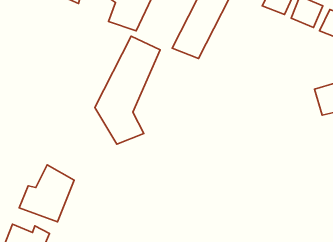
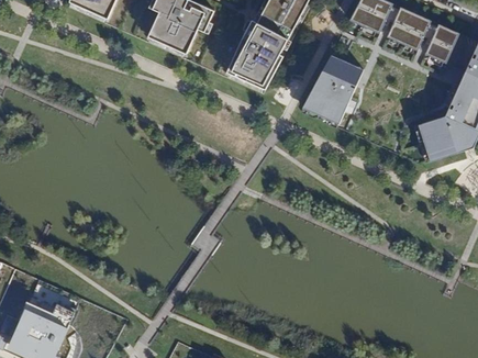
building: none -> [301,55,359,127]
building: [95,36,160,144] -> none
building: [19,165,74,222] -> none

